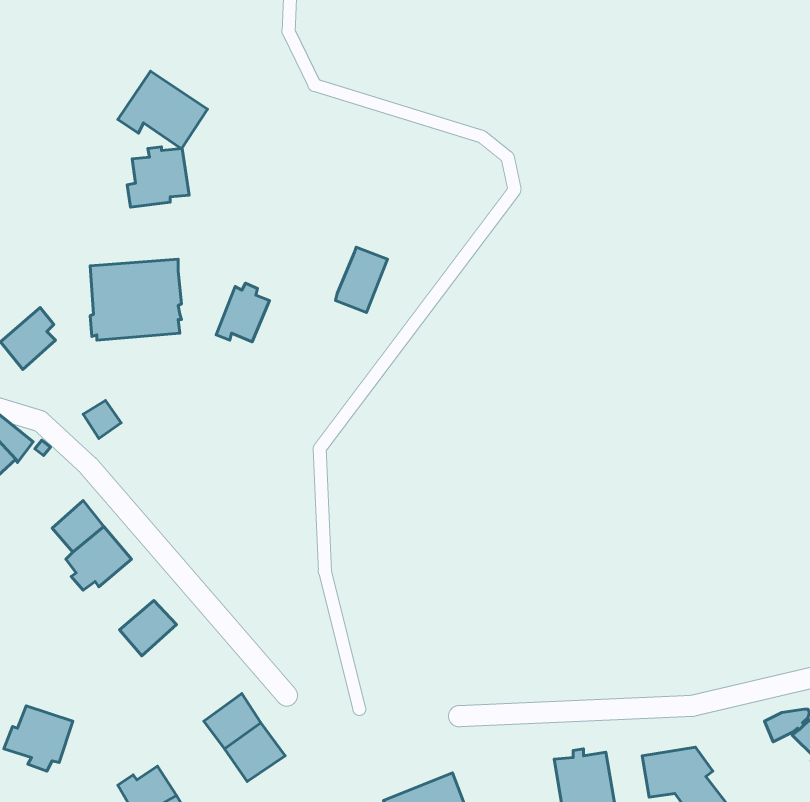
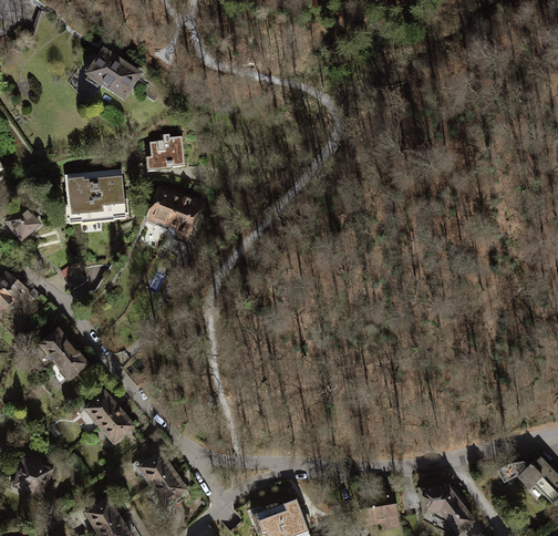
building: [127,147,189,207] -> [145,135,185,174]
building: [336,247,387,313] -> [167,194,200,236]
building: none -> [97,405,136,444]

